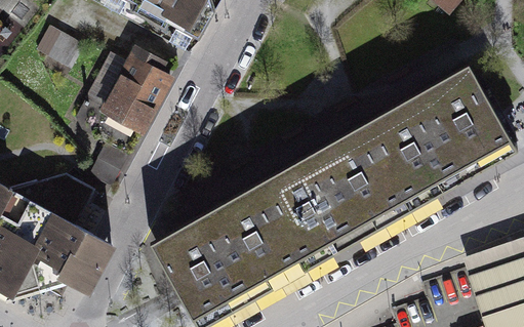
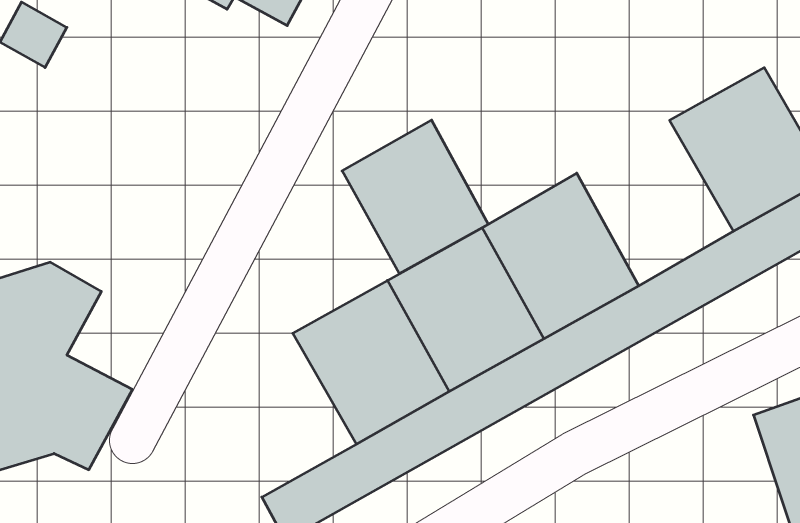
building: [77,49,171,169] -> none
building: none -> [342,120,488,274]
building: [364,92,452,186] -> none
building: [151,212,240,304] -> none

